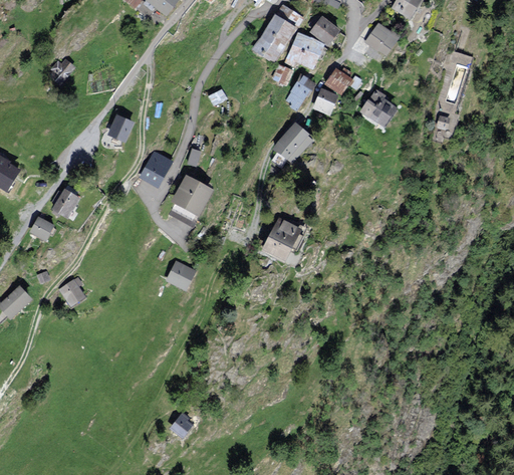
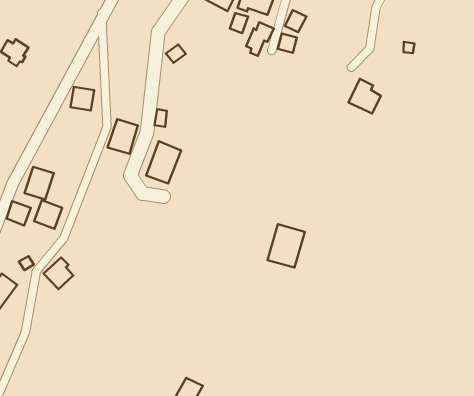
building: [361,90,394,126] -> [349,79,381,114]
building: [272,126,311,171] -> none
building: [261,216,301,260] -> [267,224,305,268]
building: none -> [34,200,62,229]
building: [167,261,198,292] -> none

